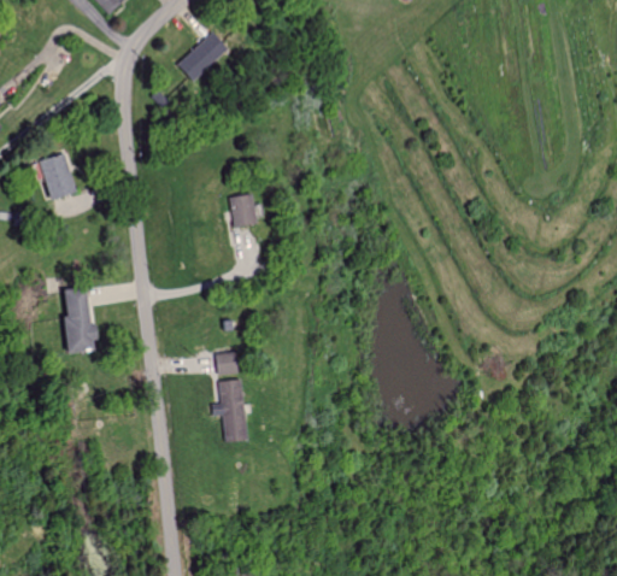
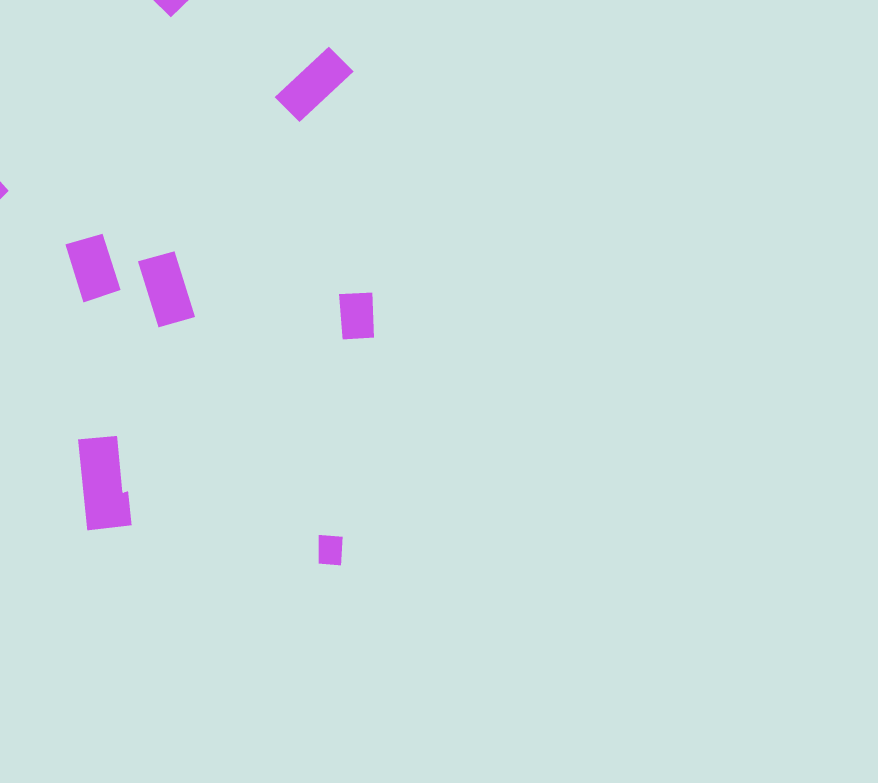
building: none -> [137,250,196,328]
building: [210,378,249,441] -> none

